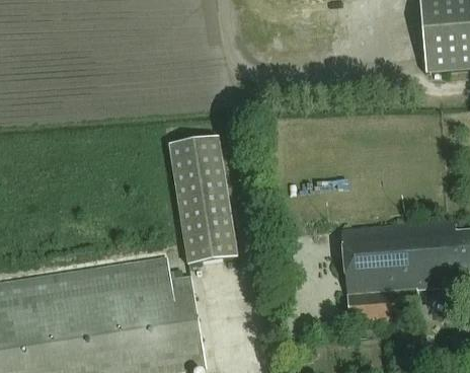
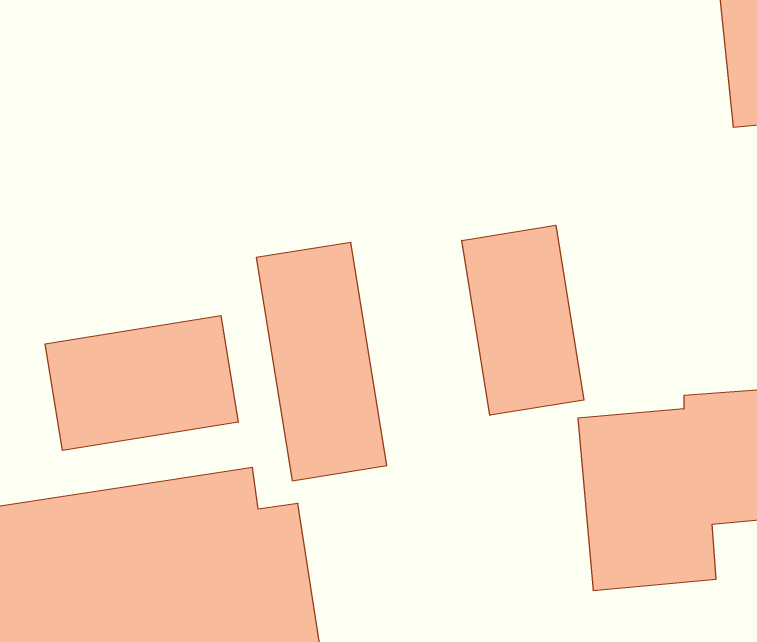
building: none -> [462,225,584,415]
building: none -> [45,316,238,450]

